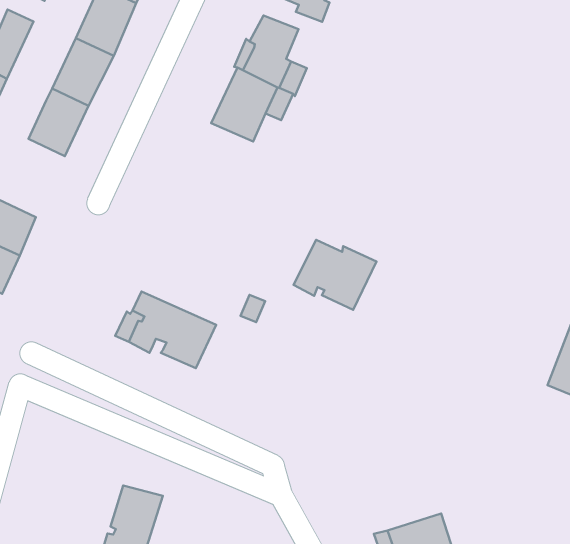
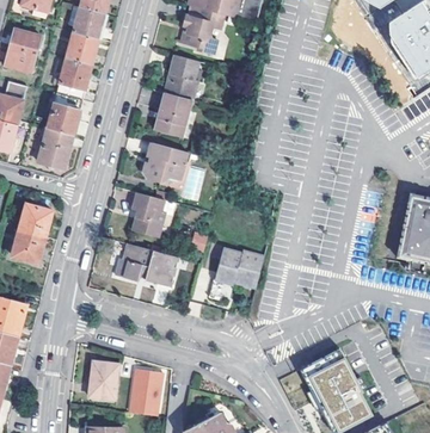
building: none -> [140,142,186,183]
building: none -> [131,193,164,236]
building: [294,240,376,310] -> [213,249,263,290]
building: none -> [87,359,119,398]

